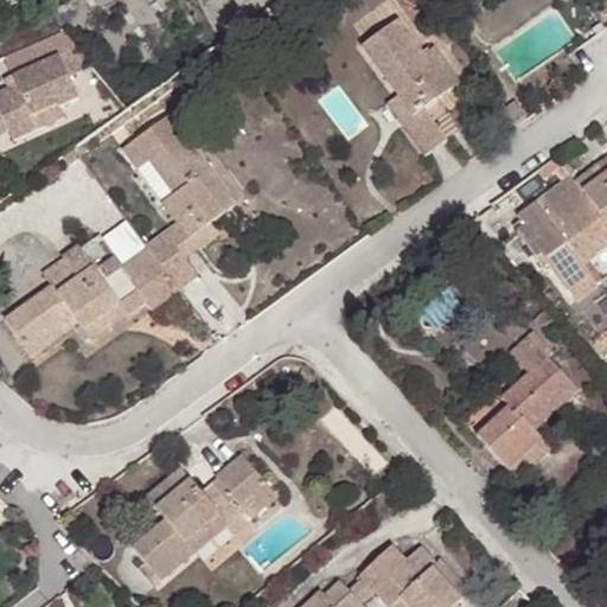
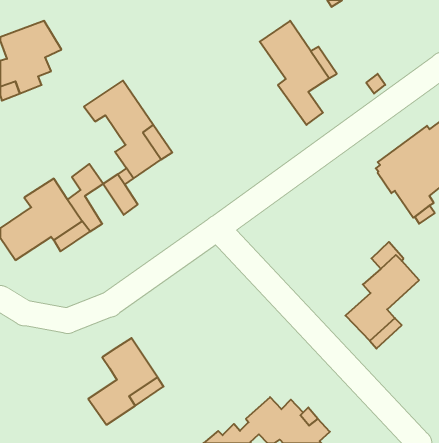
building: [121,251,174,311] -> none
building: [225,462,281,523] -> none

